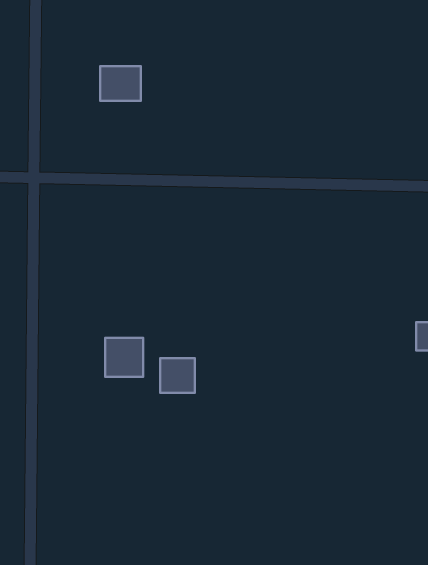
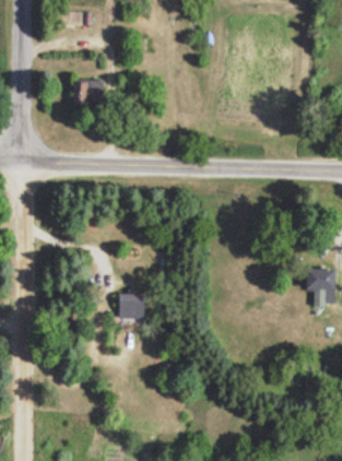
building: [105,338,143,377] -> none

